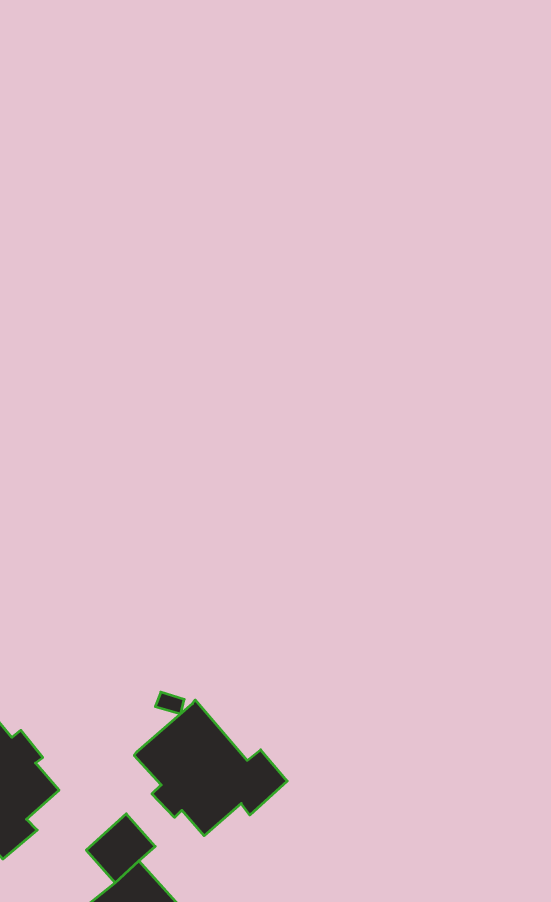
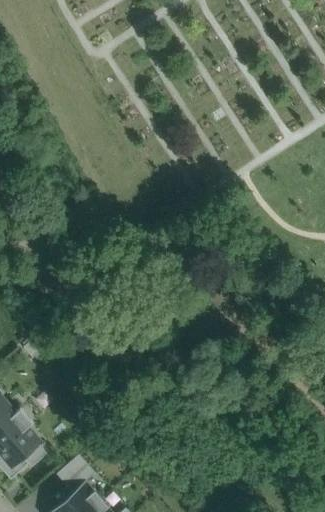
building: [134,700,287,836] -> none

